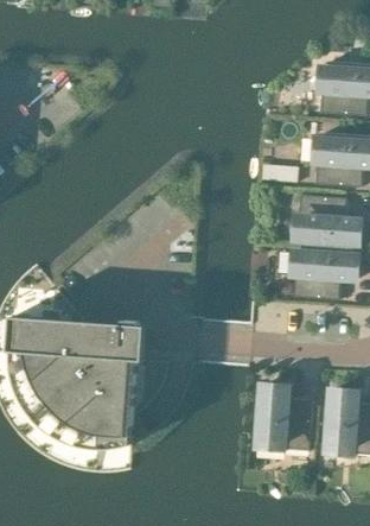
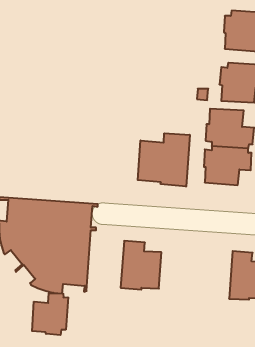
building: none -> [138,133,190,187]
building: [255,384,311,450] -> [121,241,161,290]
building: none -> [32,293,68,335]

